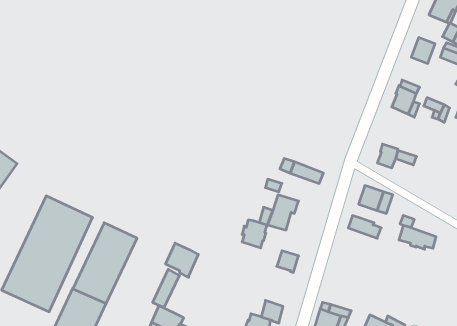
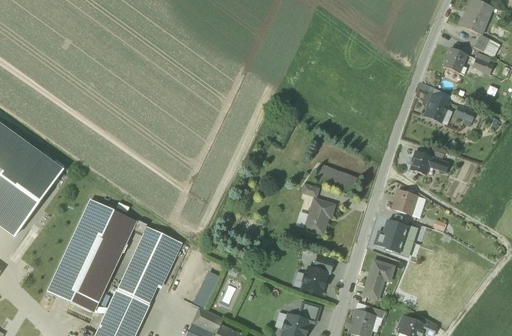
building: [242,220,267,248] -> [302,267,326,294]
building: [399,225,436,249] -> [374,230,410,253]
building: [166,243,198,277] -> none
building: none -> [362,260,392,297]

